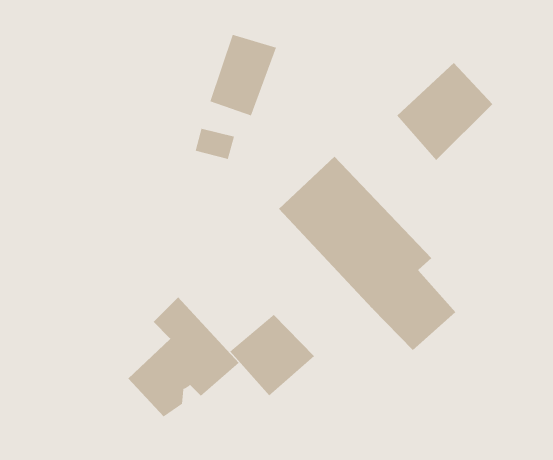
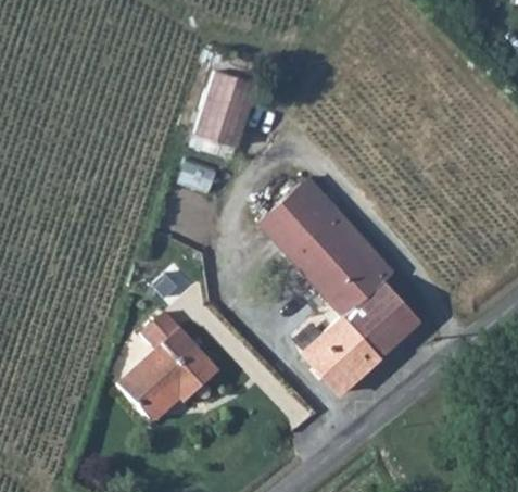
building: [397,62,493,161] -> none
building: [229,314,315,396] -> [302,319,379,393]

